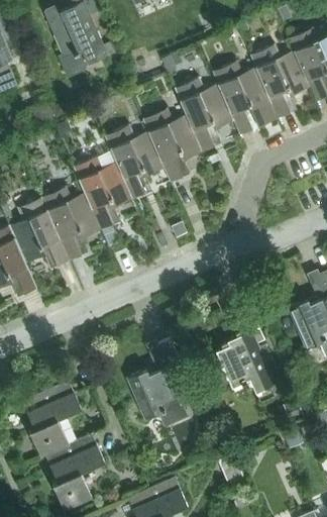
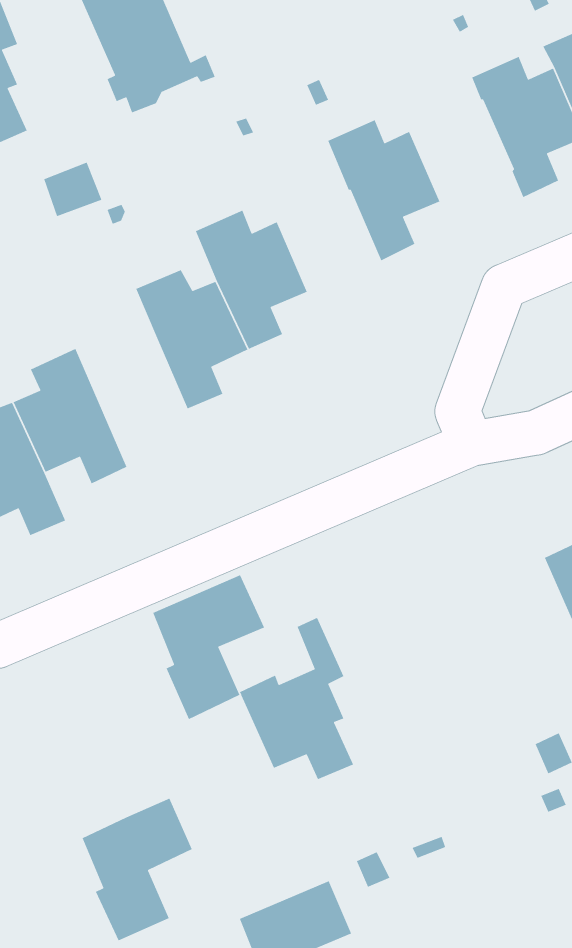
building: [212,62,278,135] -> none
building: [143,109,203,183] -> none
building: [42,187,101,261] -> none
building: [214,305,278,403] -> none
building: [22,381,82,457] -> [152,574,265,720]

